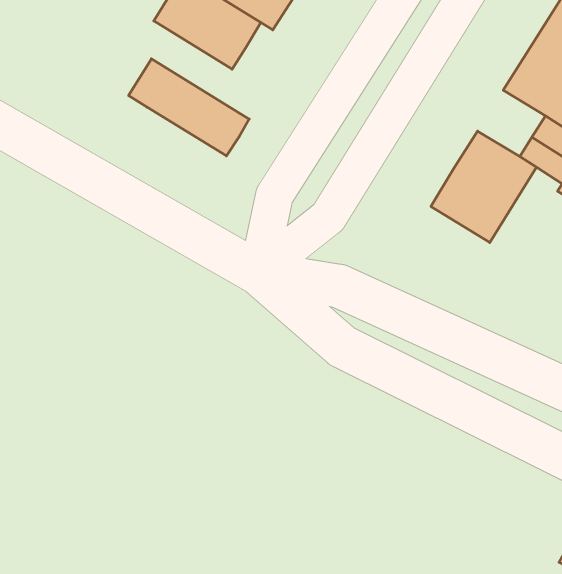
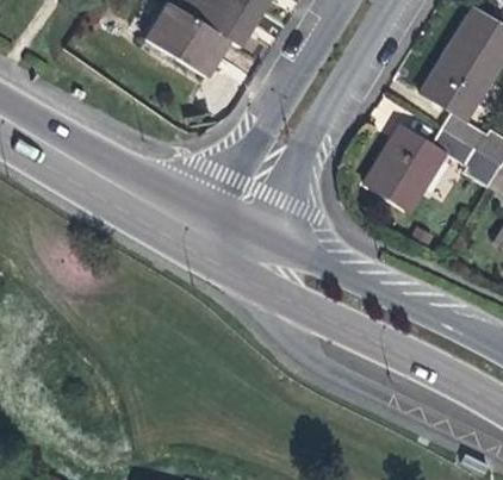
building: [129,59,249,156] -> none

